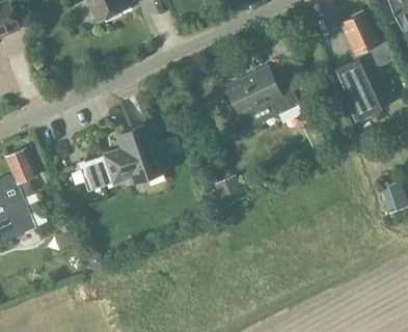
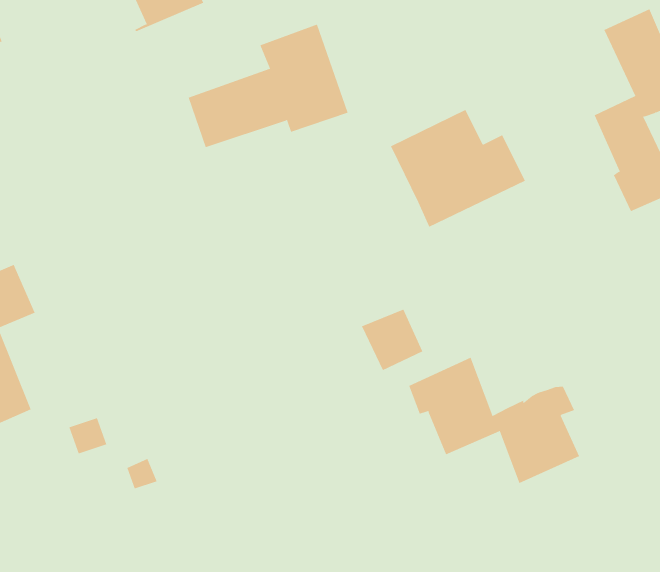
building: [79,125,165,191] -> [188,24,349,148]
building: none -> [409,357,580,484]

